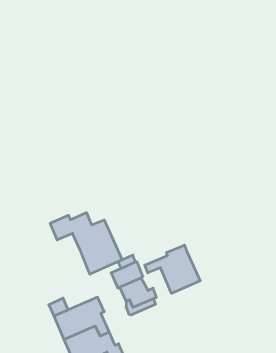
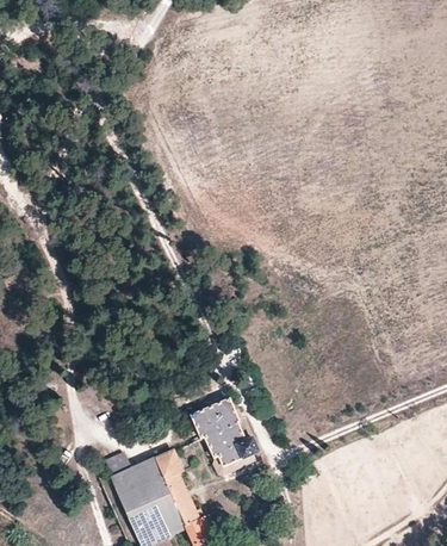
building: [50,213,122,274] -> none
building: [145,245,200,293] -> none

